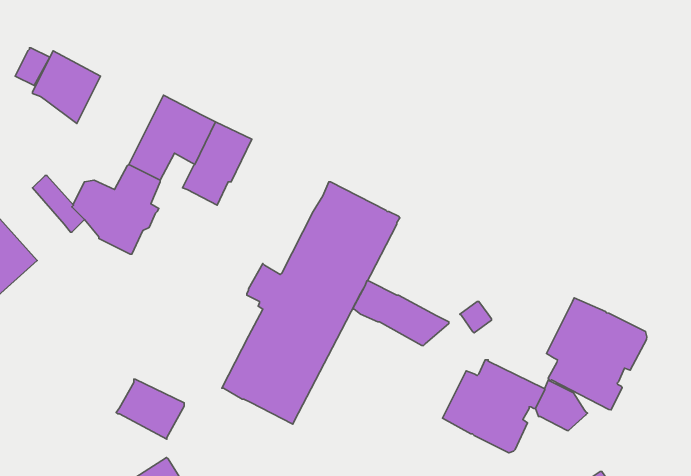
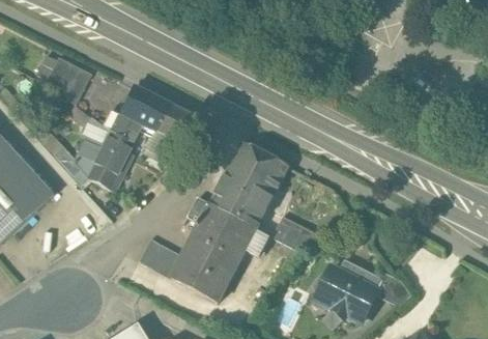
building: [546,298,647,410] -> none
building: [116,379,184,439] -> [138,239,182,279]

